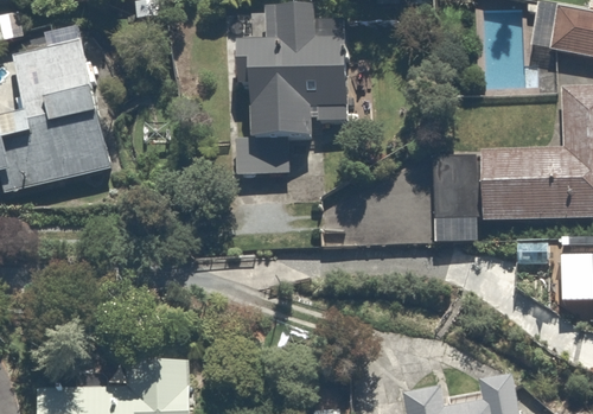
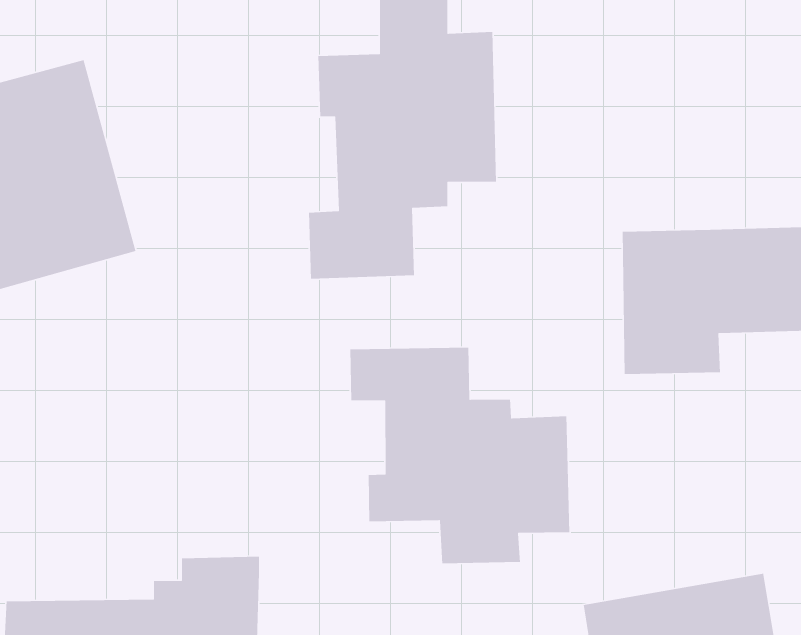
building: none -> [349,347,570,564]

